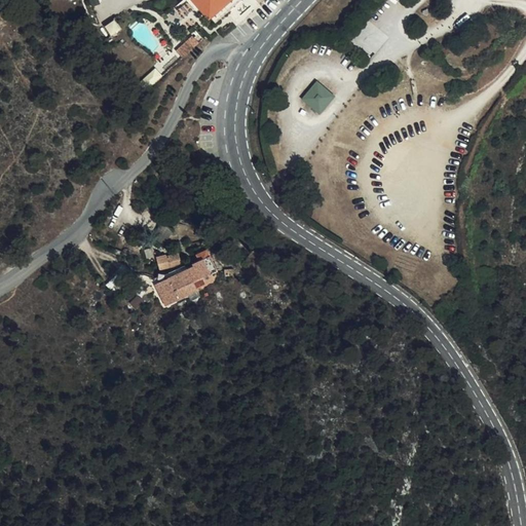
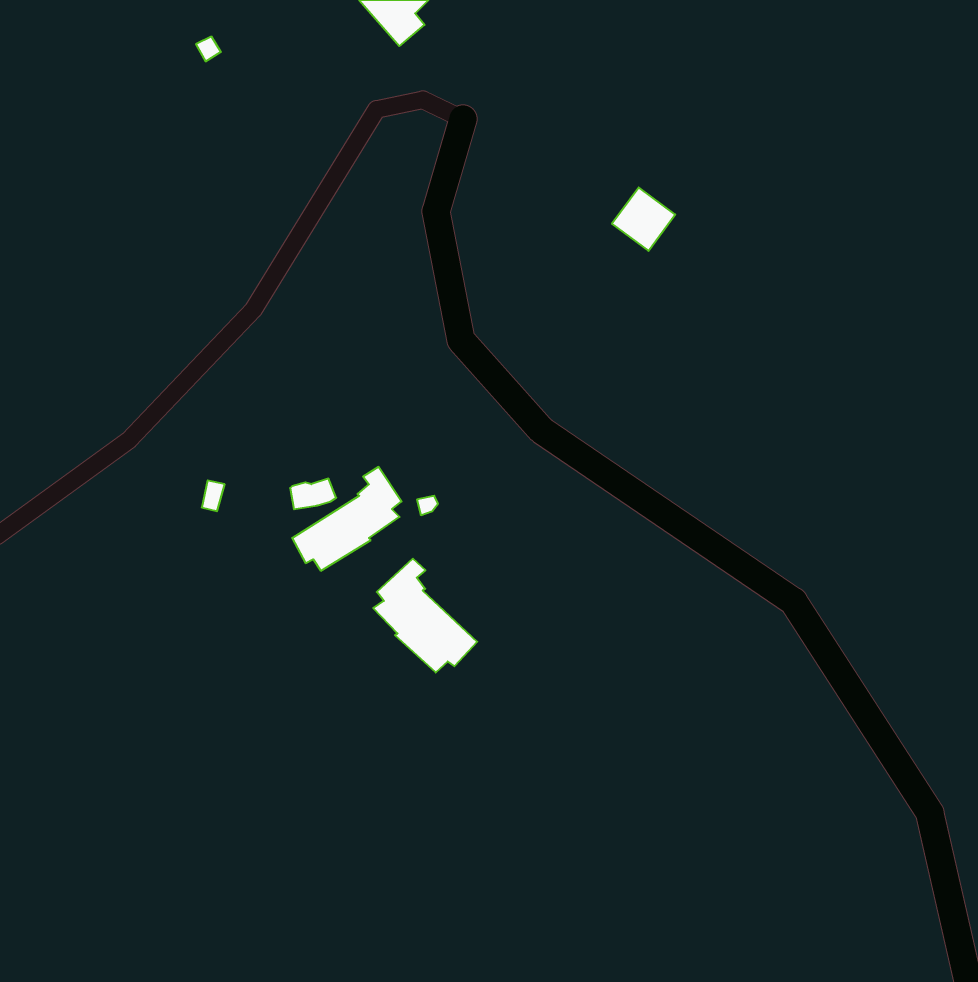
building: [299,78,333,112] -> [612,187,675,251]
building: none -> [373,559,477,673]

